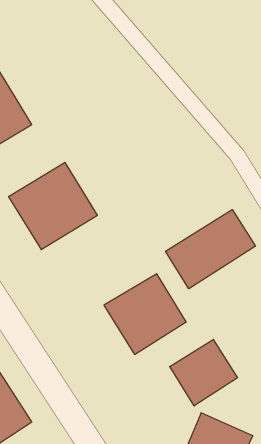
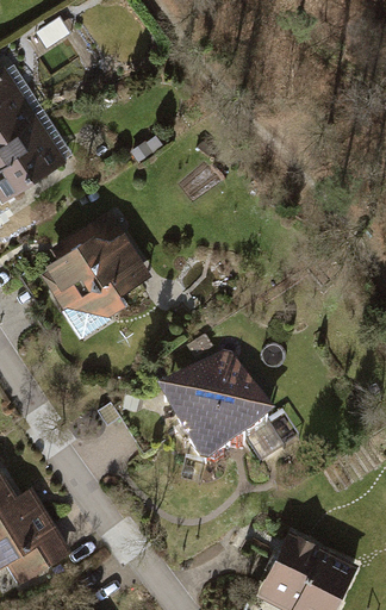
building: [166,210,255,289] -> none
building: [170,339,237,406] -> none

